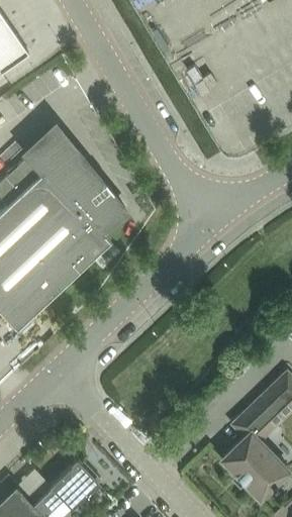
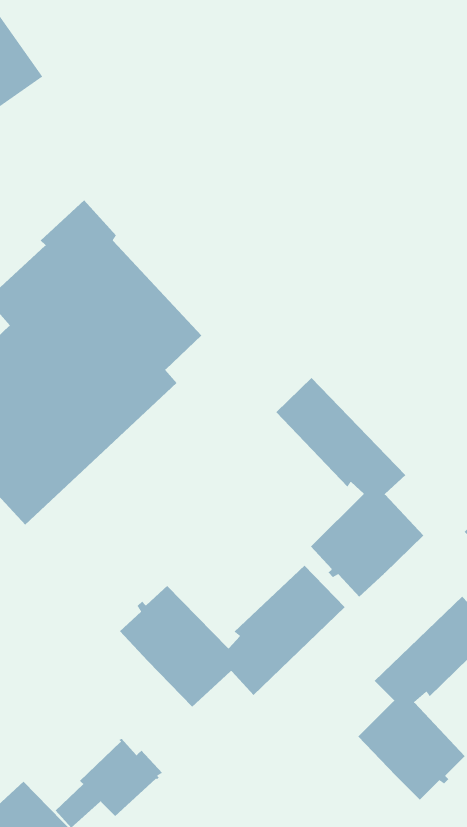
building: none -> [276,377,424,597]
building: none -> [119,565,345,708]

